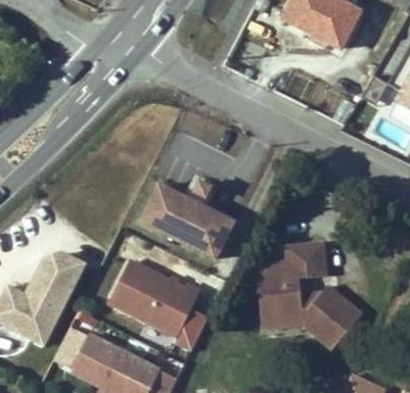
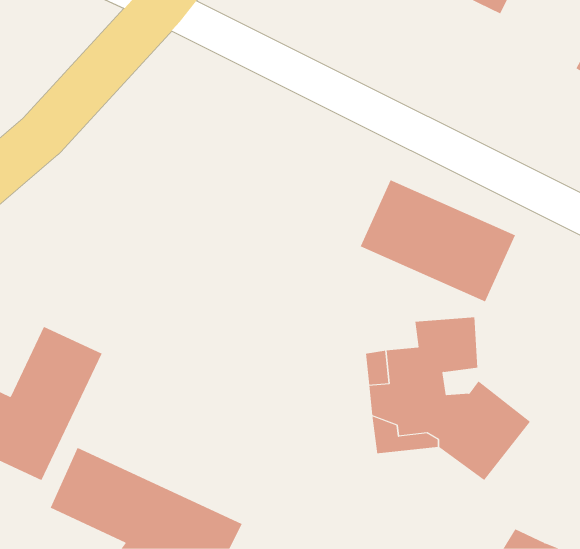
building: [138,183,238,261] -> [360,179,516,302]
building: [106,256,209,348] -> none

